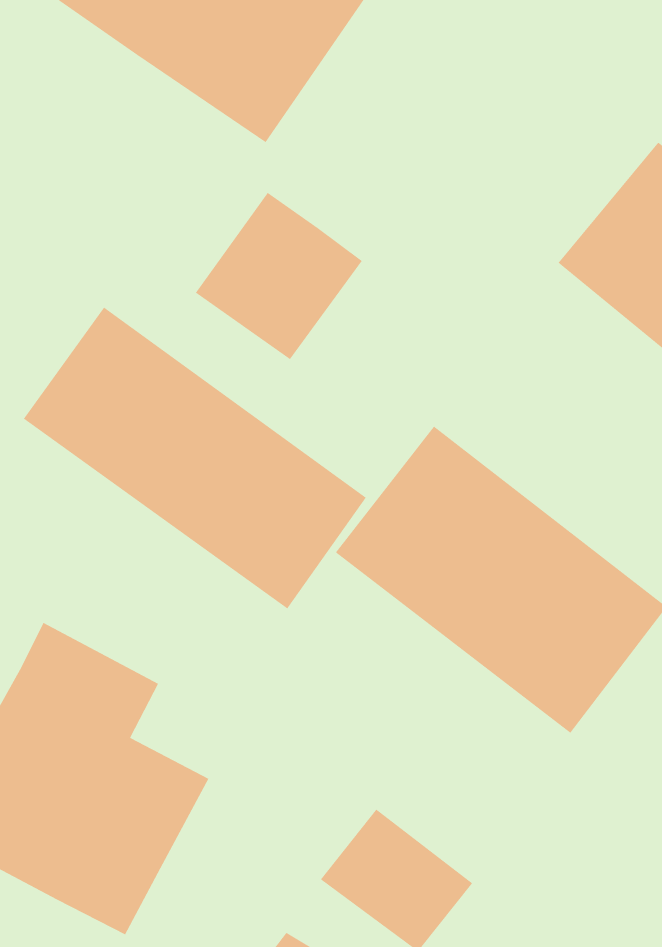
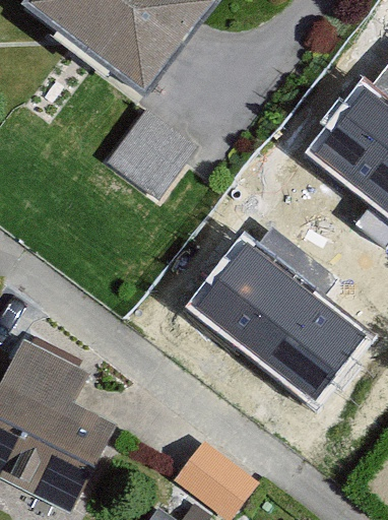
building: [23,307,367,610] -> none

